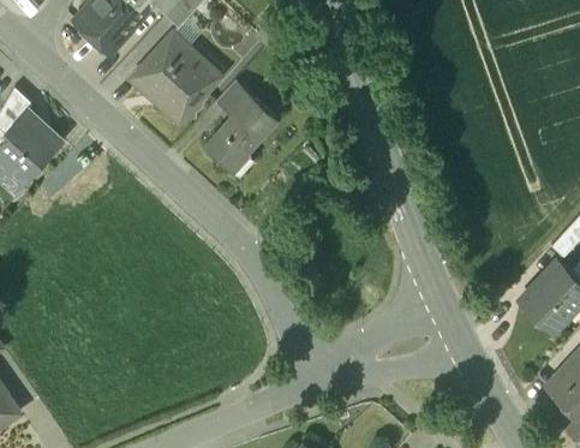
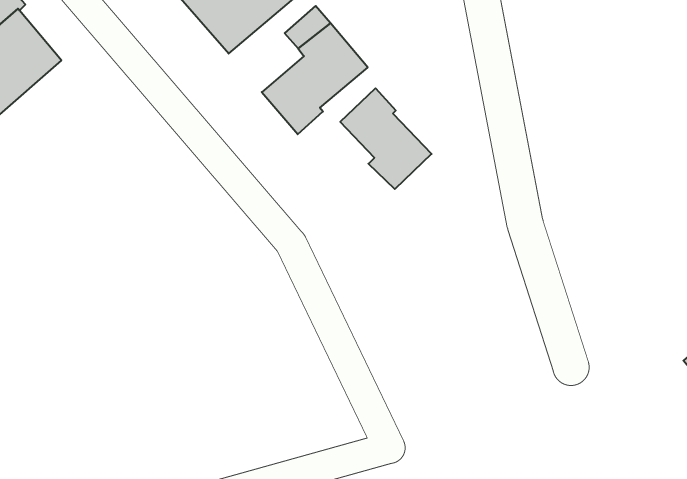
building: none -> [340,88,432,189]

